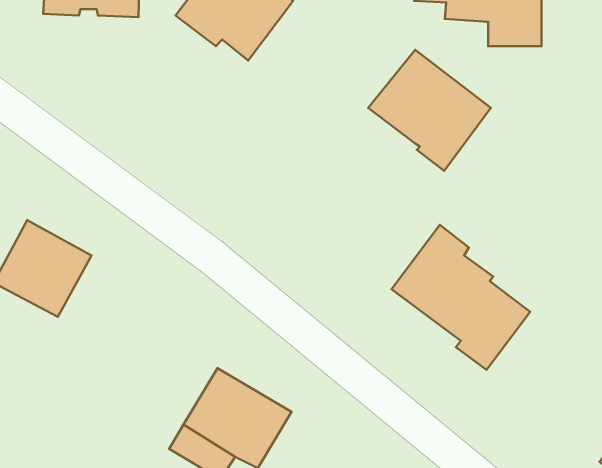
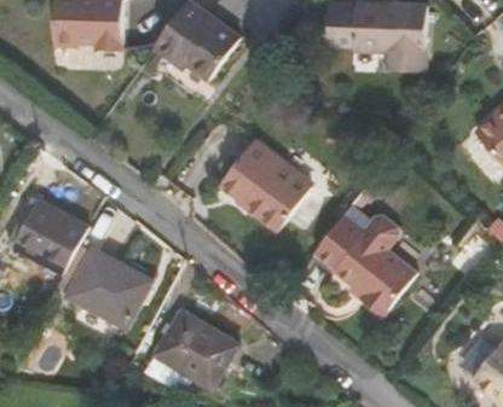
building: [368,50,491,171] -> [220,140,312,231]
building: none -> [68,250,149,326]

